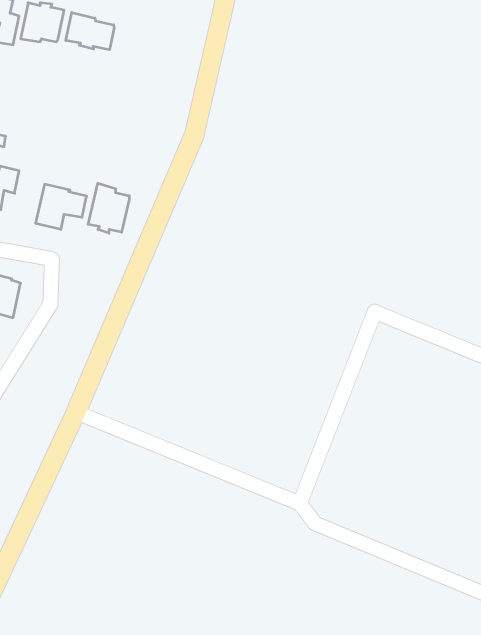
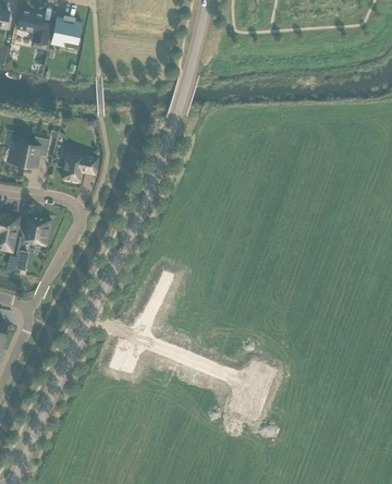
building: [66,12,114,50] -> none
building: [88,183,129,233] -> none

